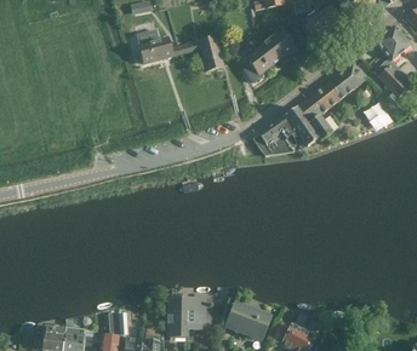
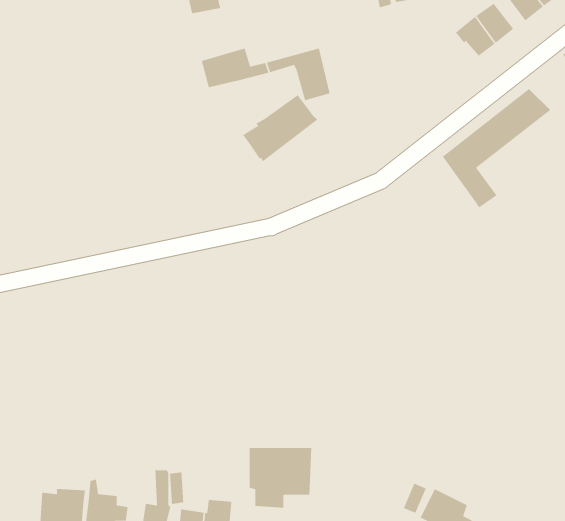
building: [245,30,295,75] -> [242,94,318,163]
building: [253,108,318,154] -> none
building: [224,304,270,338] -> none

